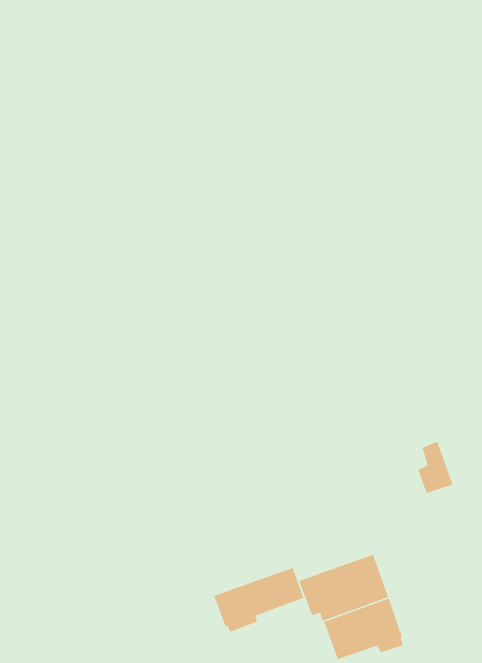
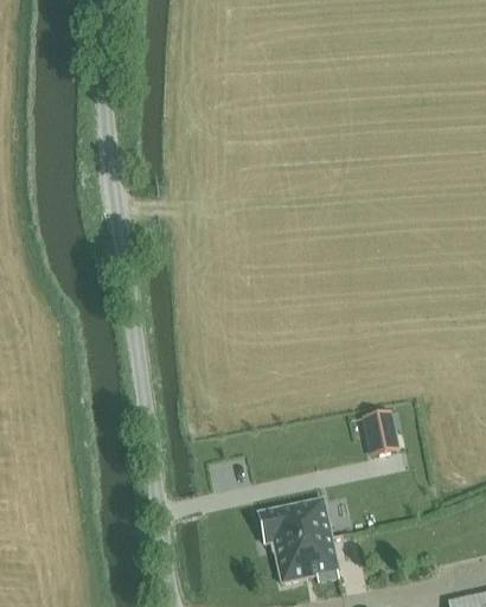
building: [213,566,305,633] -> none

